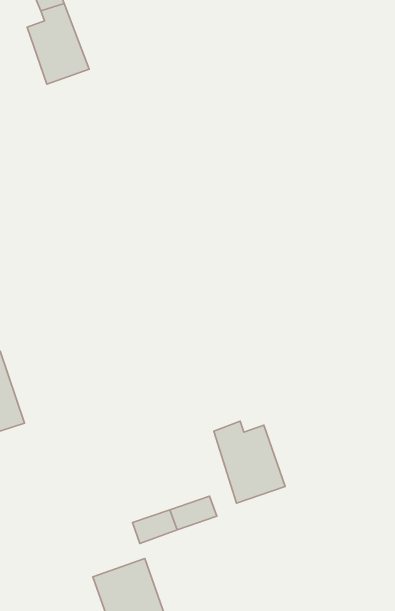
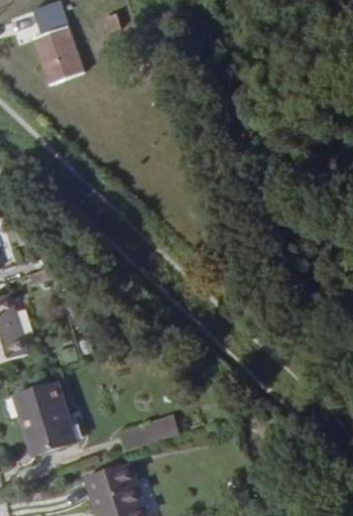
building: [214,421,285,503] -> none
building: none -> [15,385,76,454]

